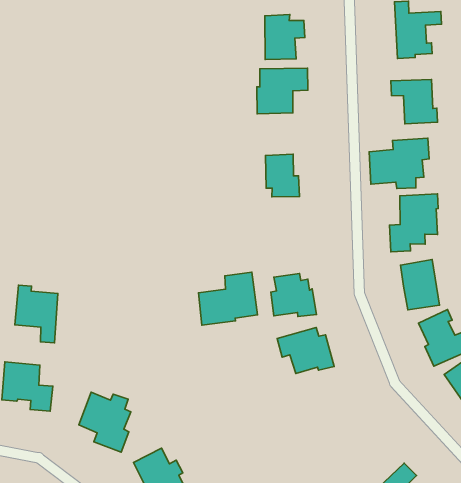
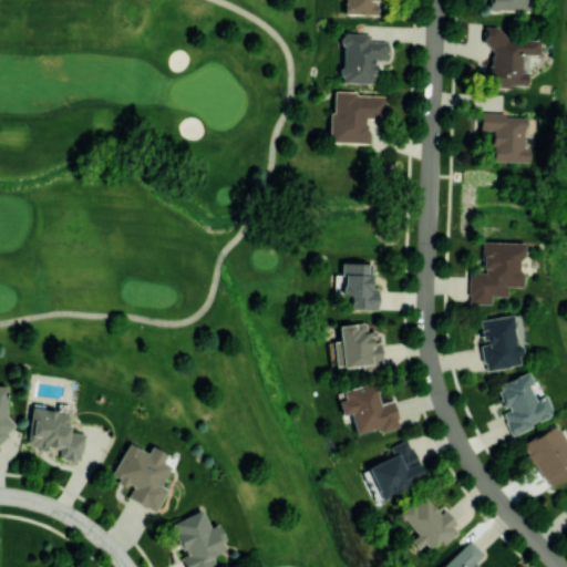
building: [369,138,429,188] -> none
building: [266,154,300,197] -> [343,264,380,311]
building: [198,272,258,325] -> none
building: [15,285,58,343] -> none
building: none -> [369,439,426,498]
building: none -> [403,496,463,550]

